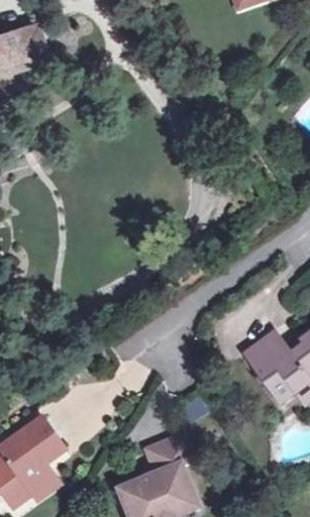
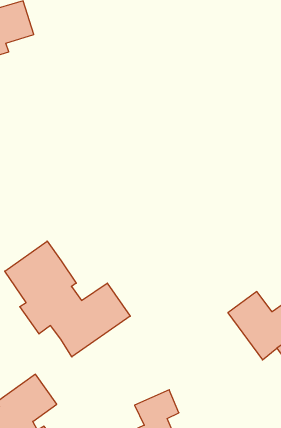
building: none -> [5,241,130,357]

